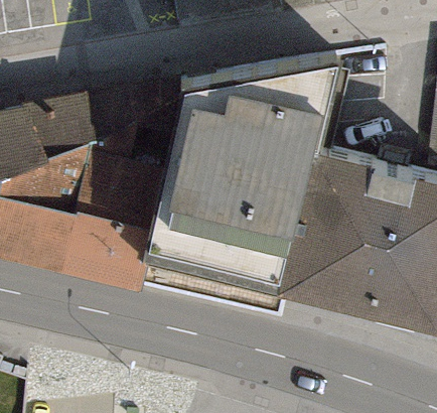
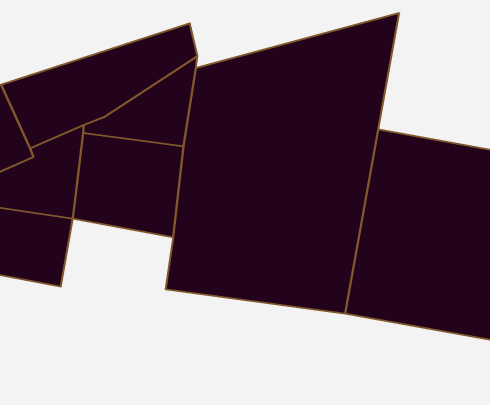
building: [61,216,152,284] -> none

